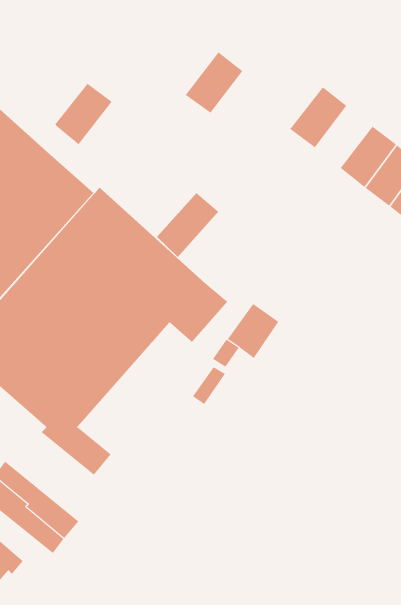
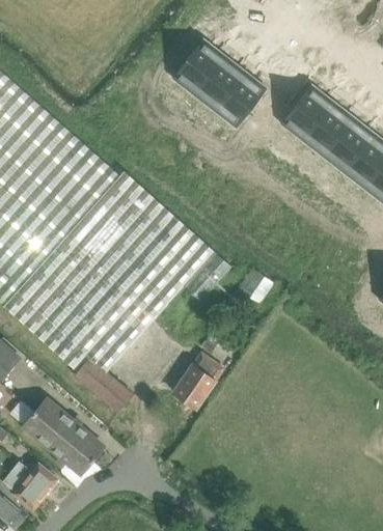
building: none -> [216,73,266,127]
building: [52,81,112,145] -> [171,38,222,92]
building: none -> [303,102,351,153]
building: [156,192,219,258] -> none
building: none -> [172,354,222,409]

